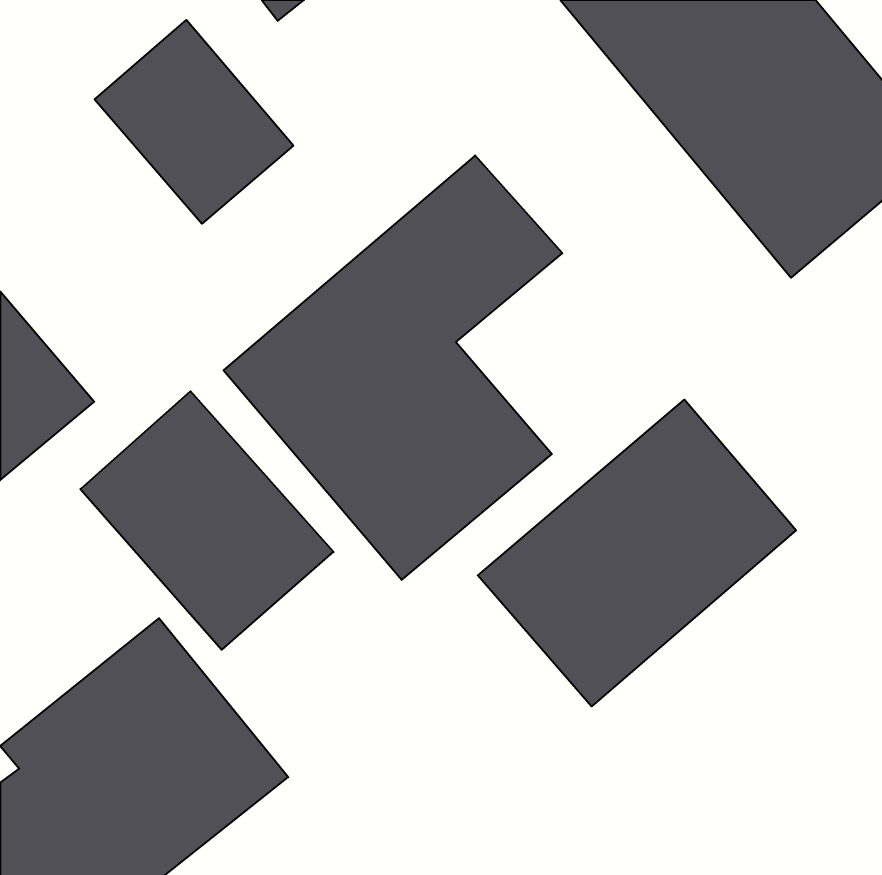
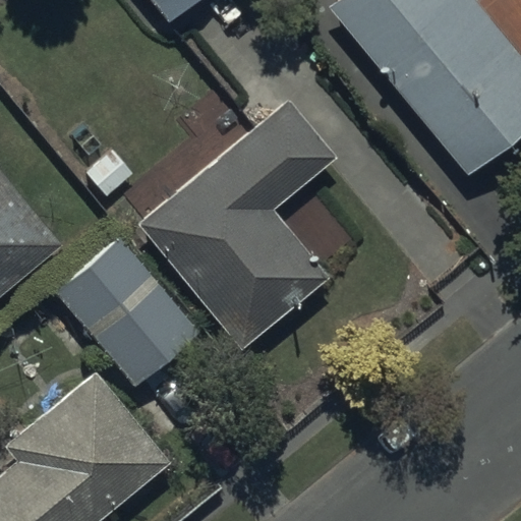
building: [95,20,293,224] -> none
building: [478,400,796,706] -> none

